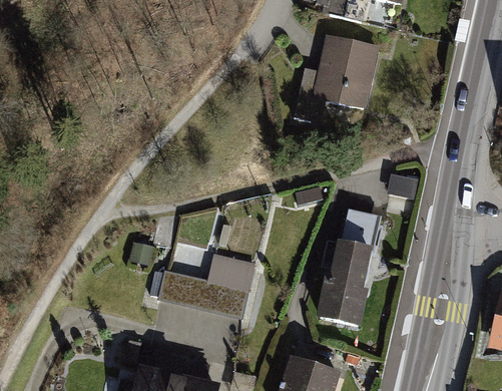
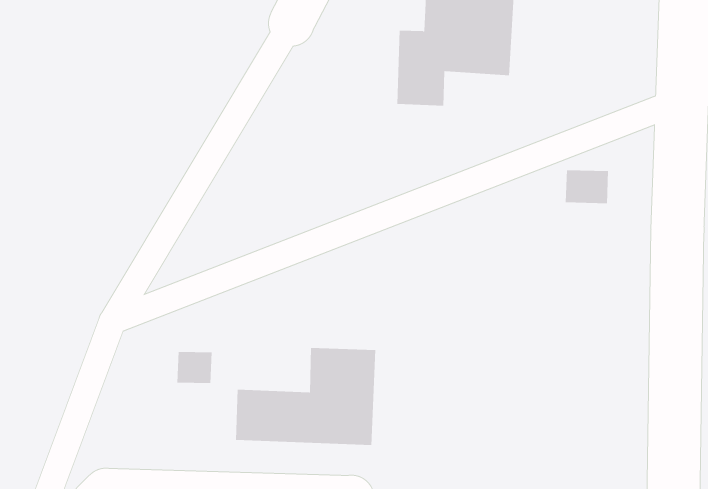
building: [316,206,379,326] -> none

